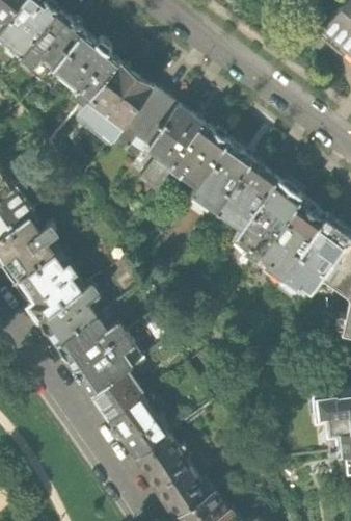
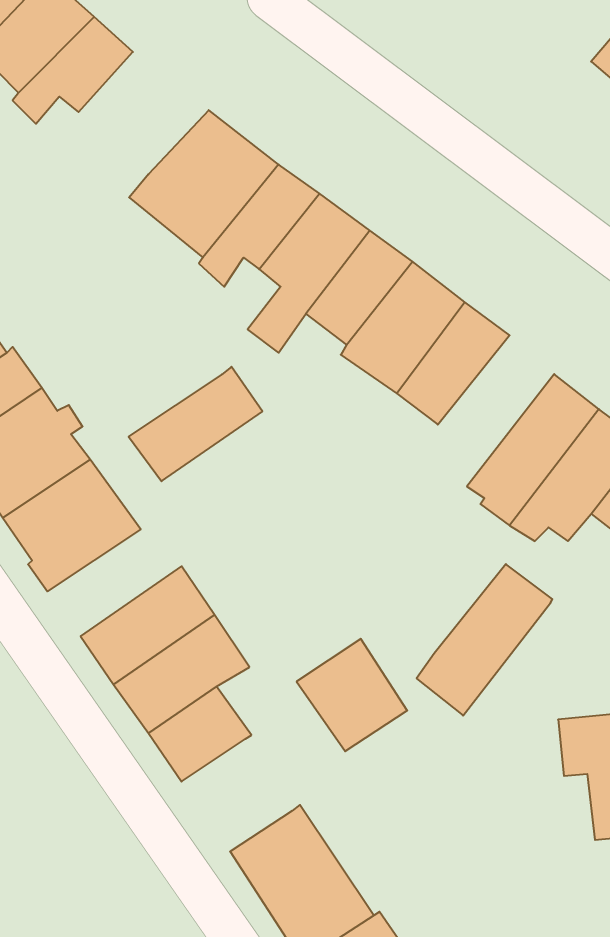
building: [38,30,120,96] -> none
building: [234,182,306,263] -> [417,564,552,716]
building: [34,282,106,343] -> [129,367,262,481]
building: [106,398,165,459] -> [297,639,407,751]

